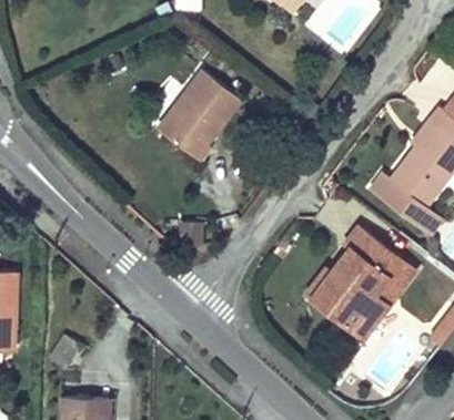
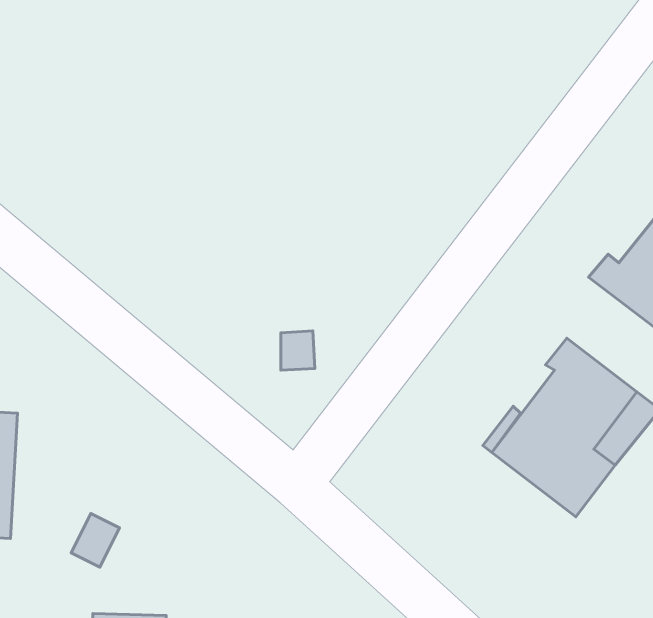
building: [157,70,240,163] -> none

